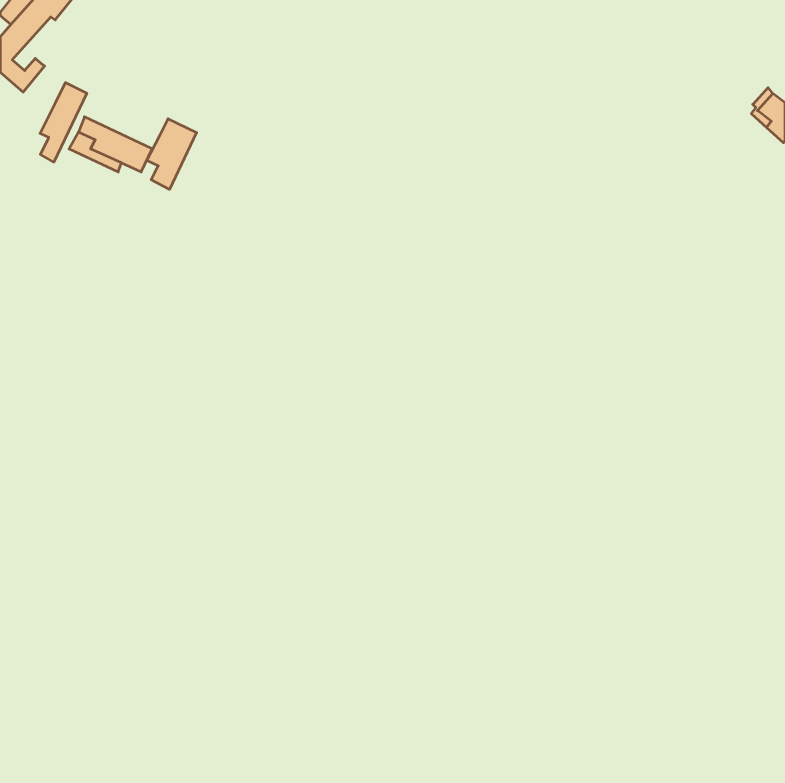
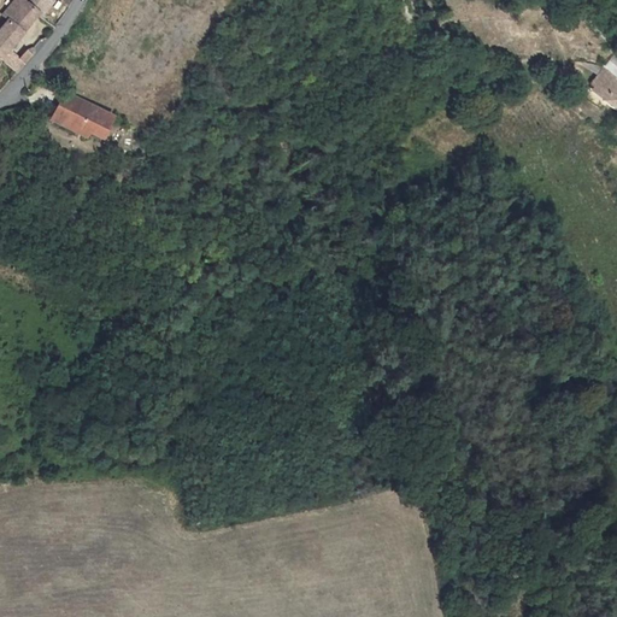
building: [40,83,87,162] -> none
building: [147,119,197,189] -> none

